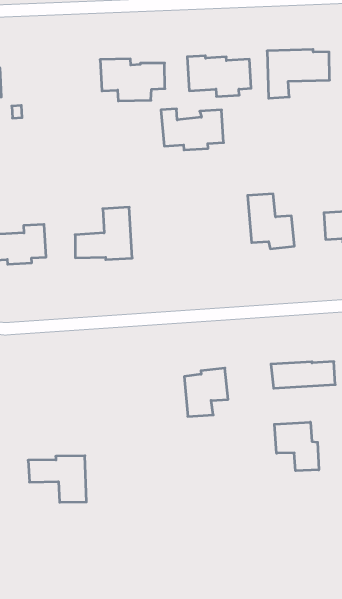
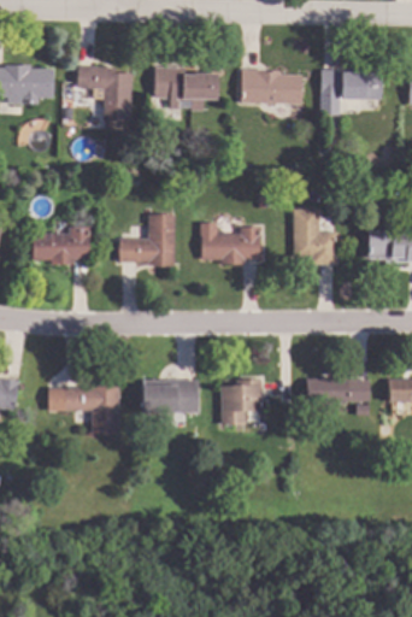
building: none -> [76,66,134,123]
building: [161,109,224,150] -> [200,223,260,264]
building: none -> [142,380,198,412]
building: [274,422,319,471] -> none
building: [28,456,86,502] -> [63,386,119,433]

